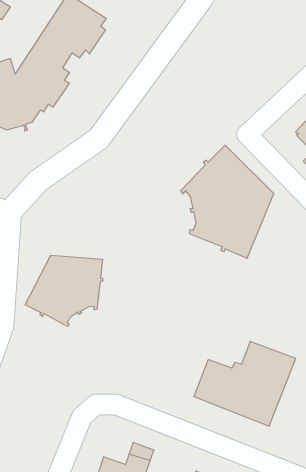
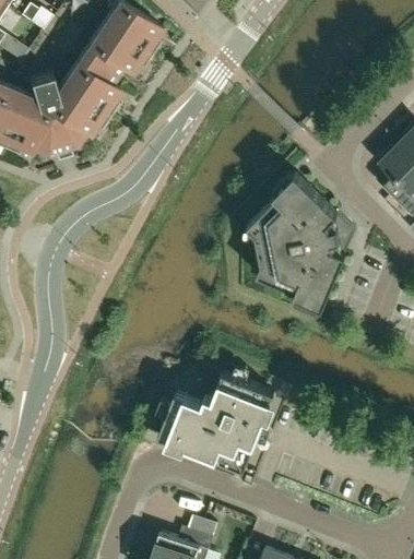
building: [25,255,103,326] -> none
building: [194,341,296,426] -> [158,372,275,469]

